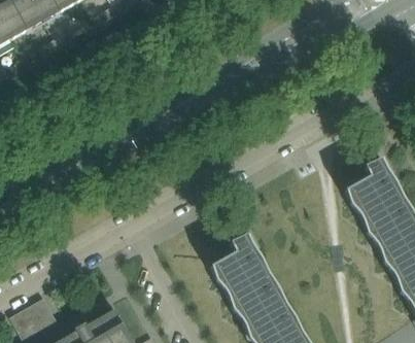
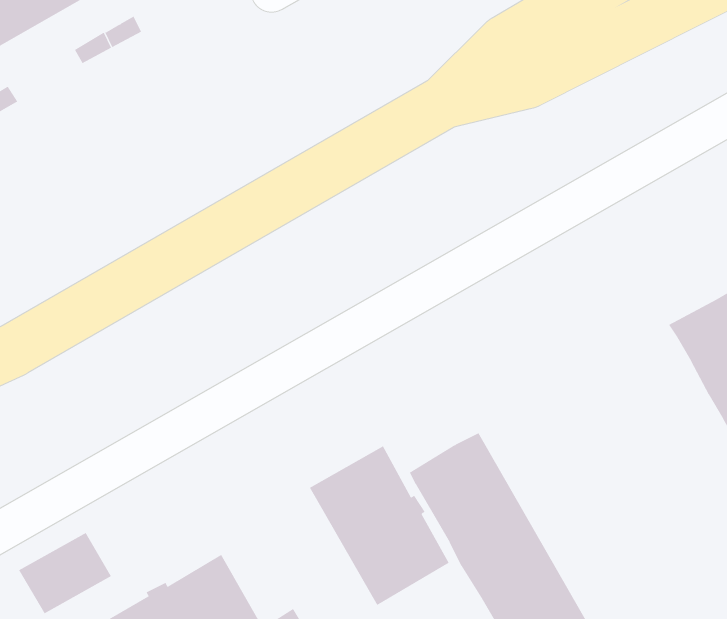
building: none -> [309,446,450,606]

